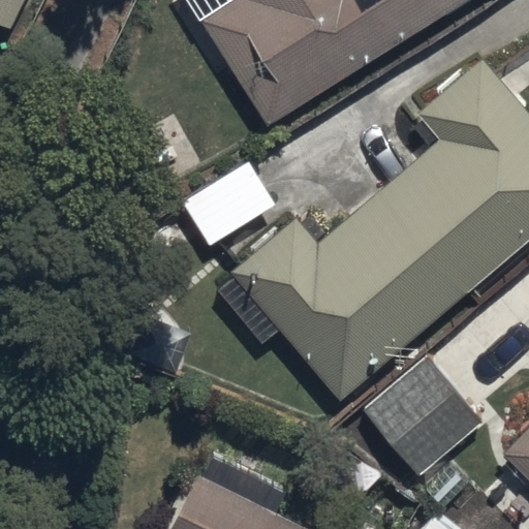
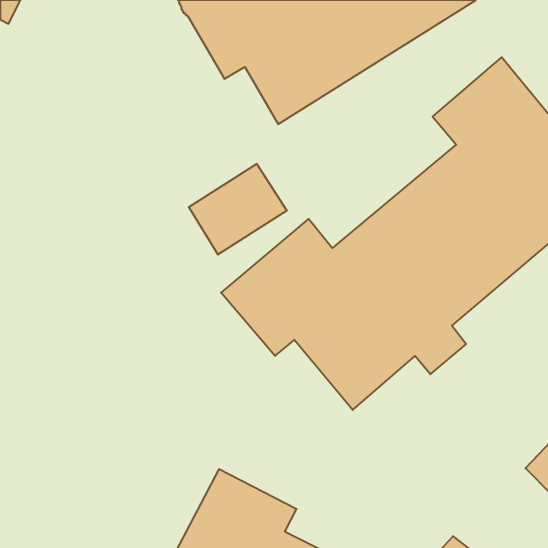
building: [364,361,479,475] -> none

